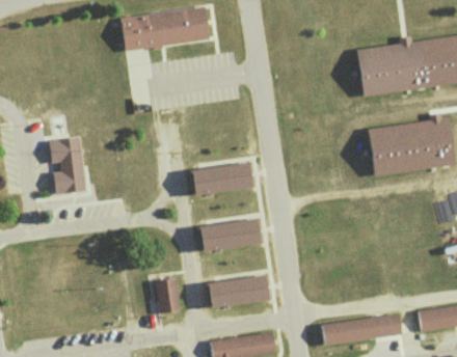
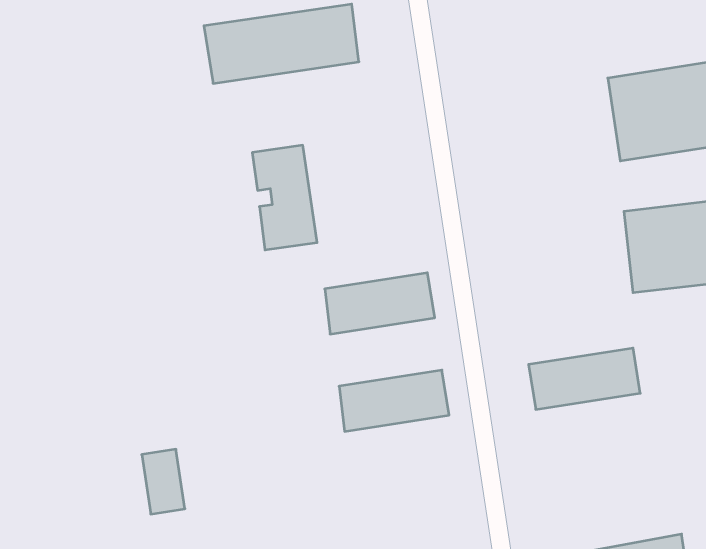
building: [50,136,87,196] -> [252,145,317,250]
building: [211,274,275,309] -> [529,348,640,409]
building: [154,275,179,312] -> [142,449,185,514]

